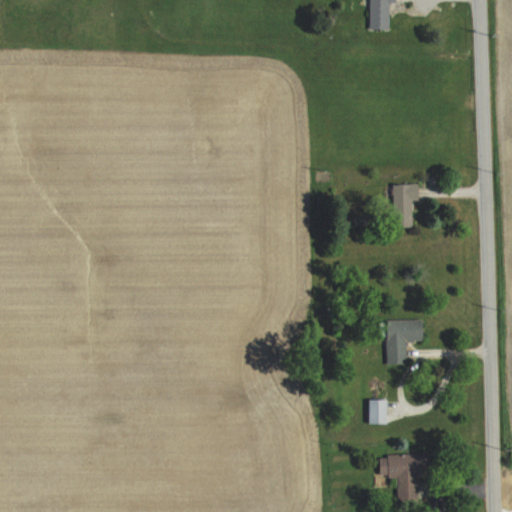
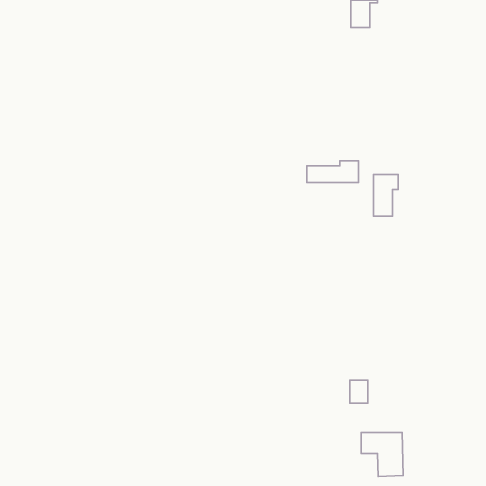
building: none -> [307,161,359,182]
building: [385,320,423,365] -> none

